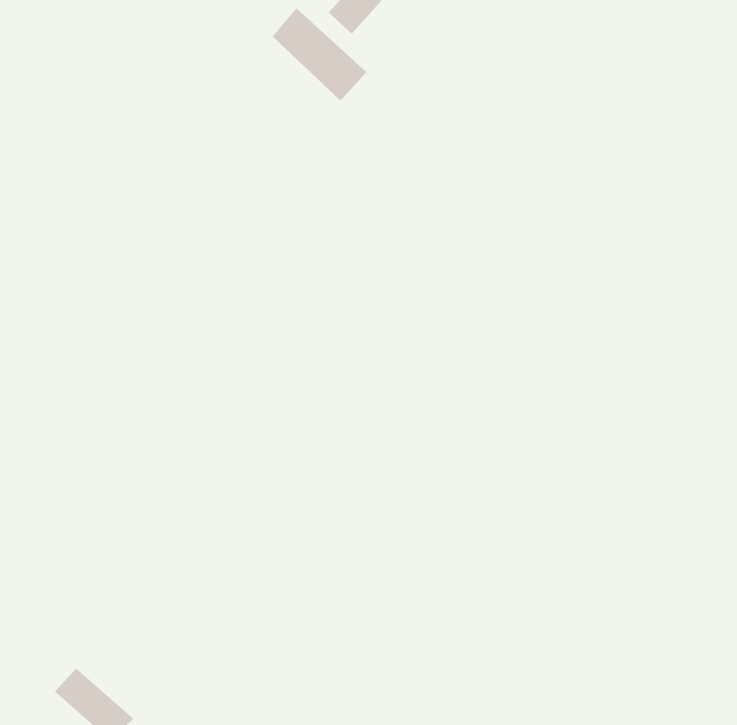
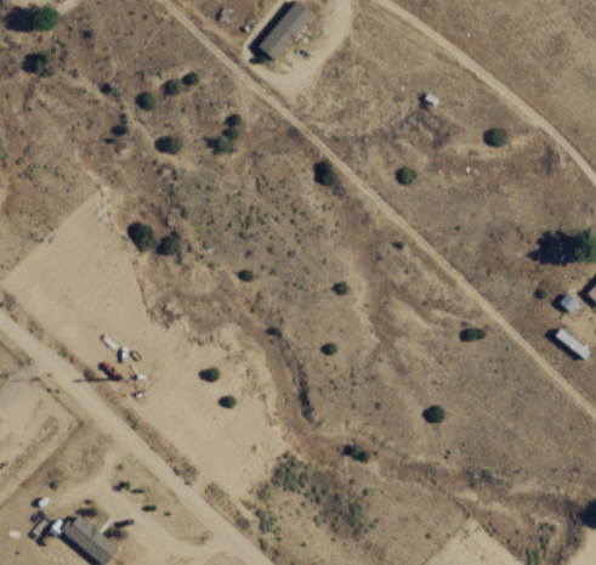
building: [272,7,367,102] -> none

